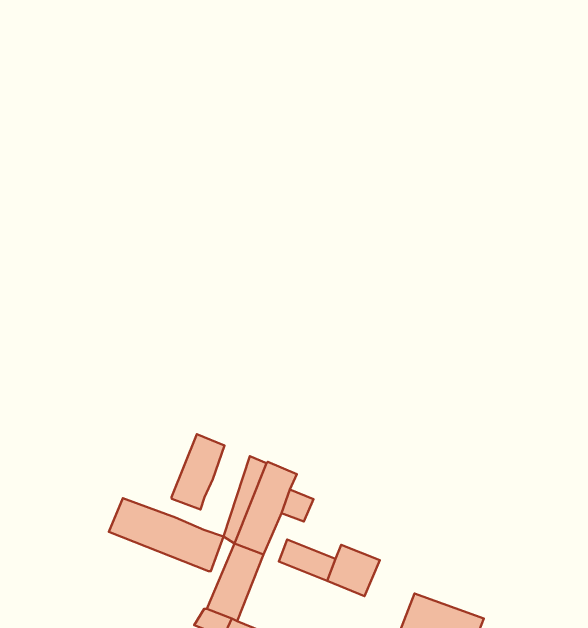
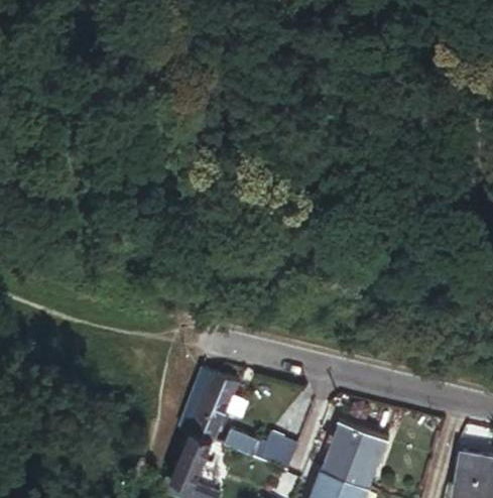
building: [172,434,225,510] -> none
building: [109,498,223,571] -> none
building: none -> [323,421,389,487]

